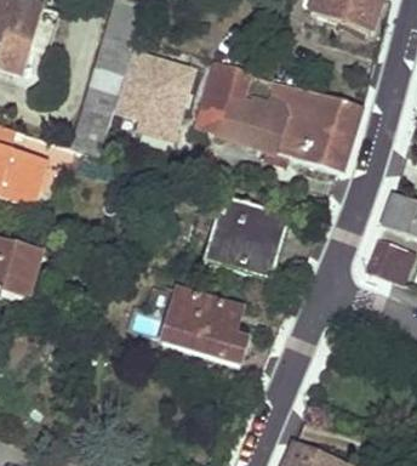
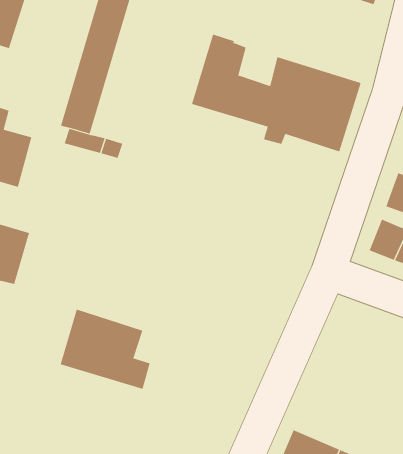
building: [115,52,194,140] -> none
building: [216,197,290,278] -> none
building: [162,288,250,365] -> [60,309,151,390]

